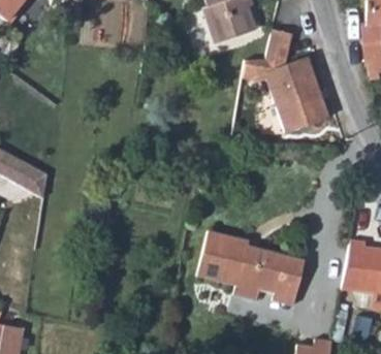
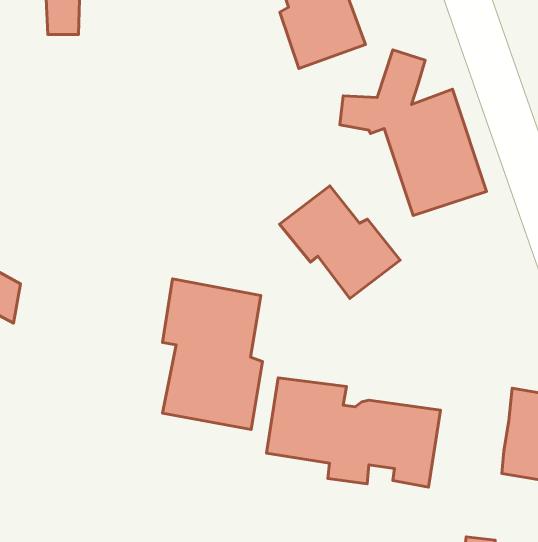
building: none -> [280,186,400,299]
building: none -> [162,279,262,430]

